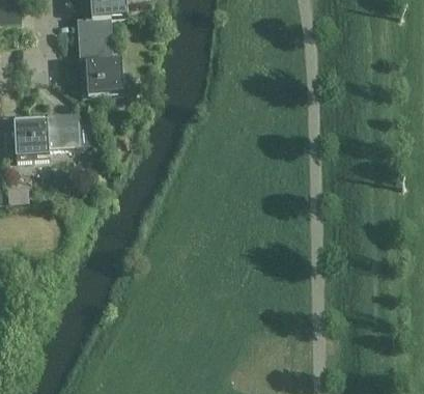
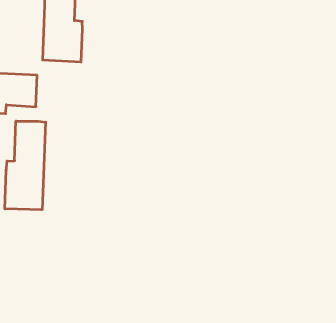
building: none -> [5,121,46,210]

